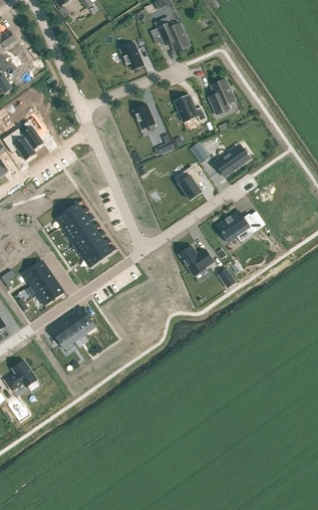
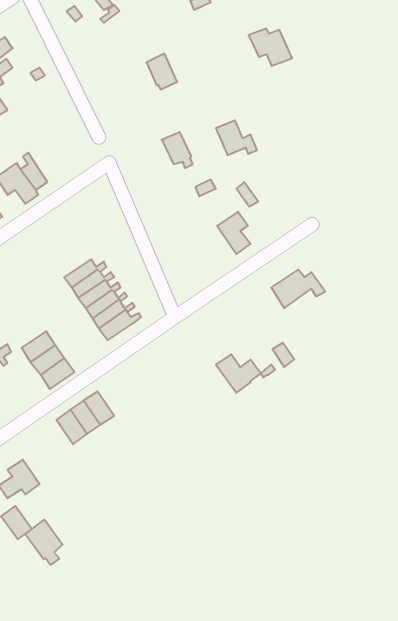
building: [156,22,191,51] -> [249,29,292,66]
building: [209,78,235,114] -> none
building: [215,146,246,175] -> none
building: [177,243,212,273] -> [216,354,261,393]
building: none -> [25,519,63,565]

